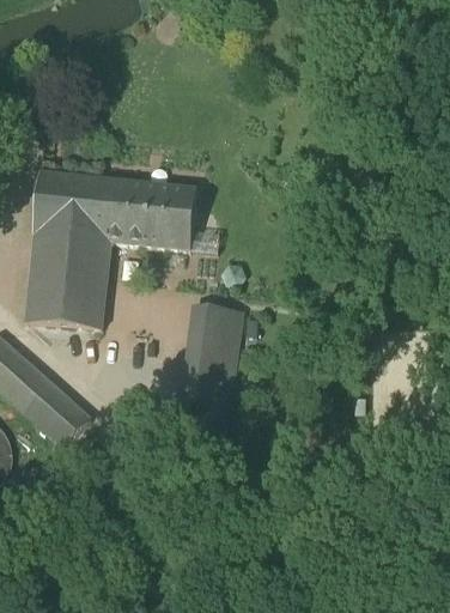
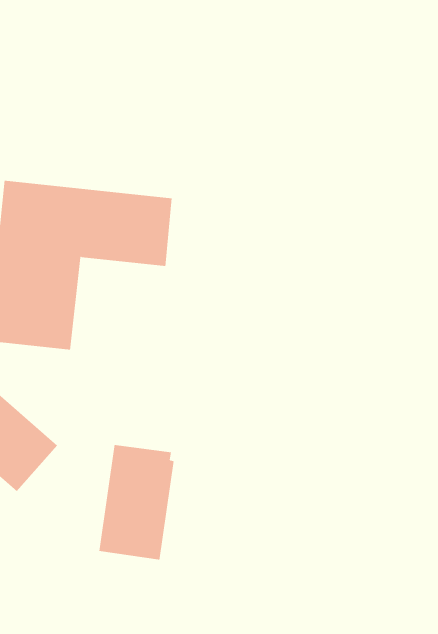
building: [177,298,248,406] -> [98,444,174,560]

